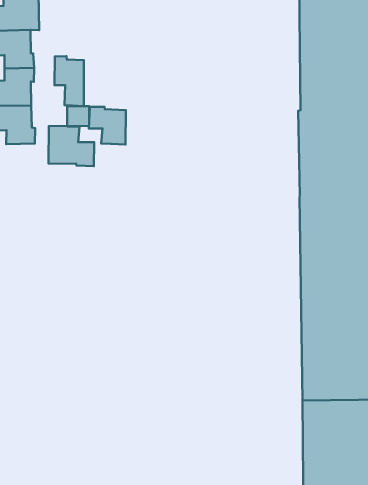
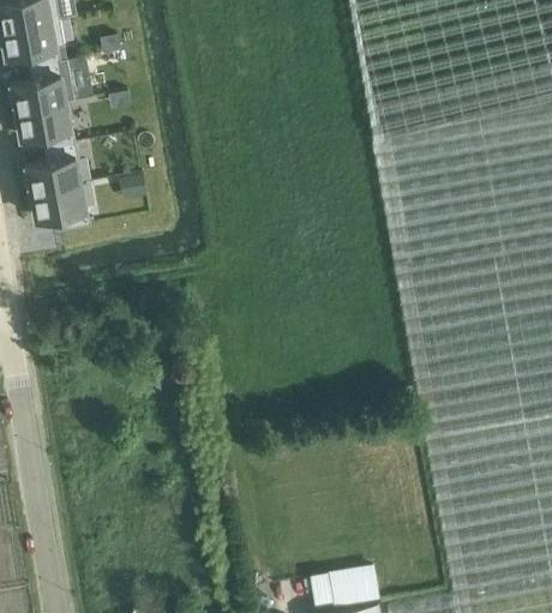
building: [54,56,84,106] -> none
building: [89,107,126,145] -> none
building: [48,126,94,166] -> none

